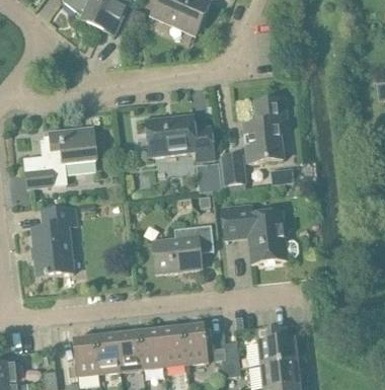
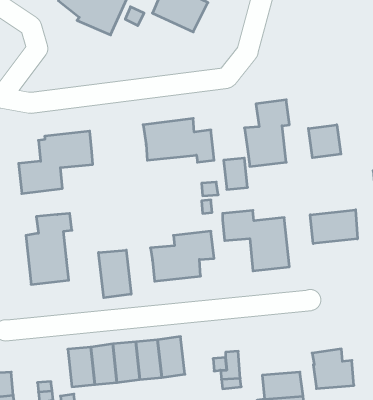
building: none -> [308,125,341,158]
building: none -> [310,210,357,244]
building: none -> [99,250,131,298]
building: [181,325,209,364] -> none
building: [256,326,297,365] -> [312,349,354,389]

